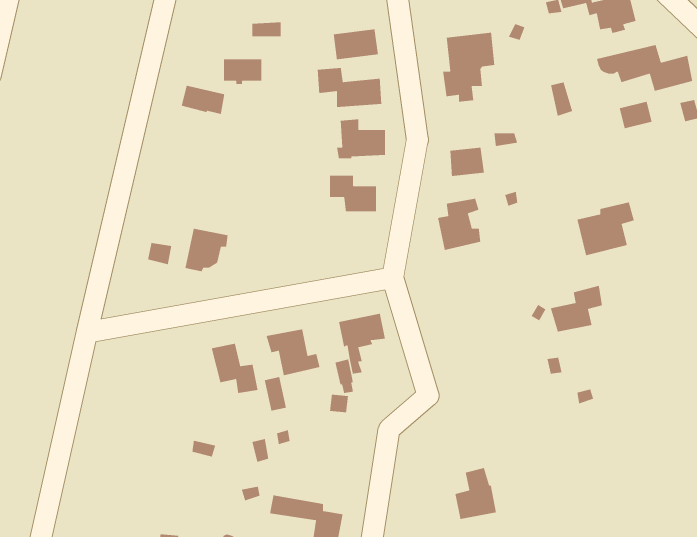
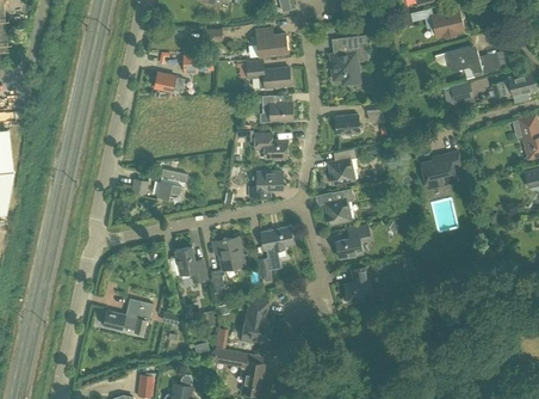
building: none -> [248,171,281,196]
building: none -> [323,188,354,223]
building: [550,285,603,332] -> [334,225,370,257]
building: none -> [103,297,153,333]
building: none -> [241,297,272,342]
building: [454,467,497,520] -> [343,265,372,301]

